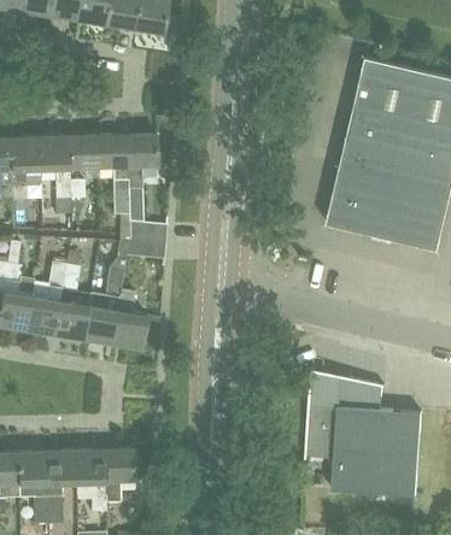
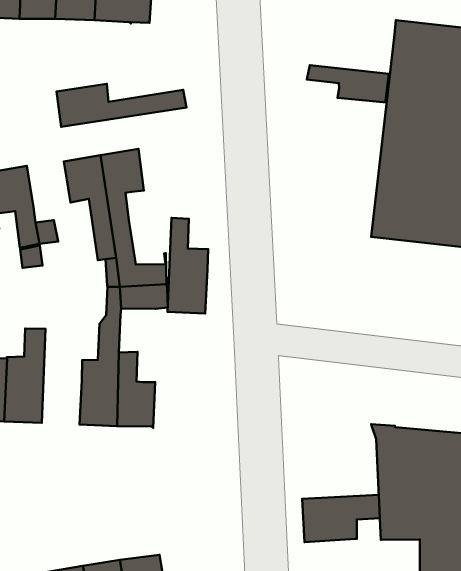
building: none -> [56,84,187,127]
building: none -> [307,65,389,103]
building: [68,136,98,169] -> none
building: [54,264,92,341] -> [168,218,208,313]
building: none -> [302,495,380,542]

